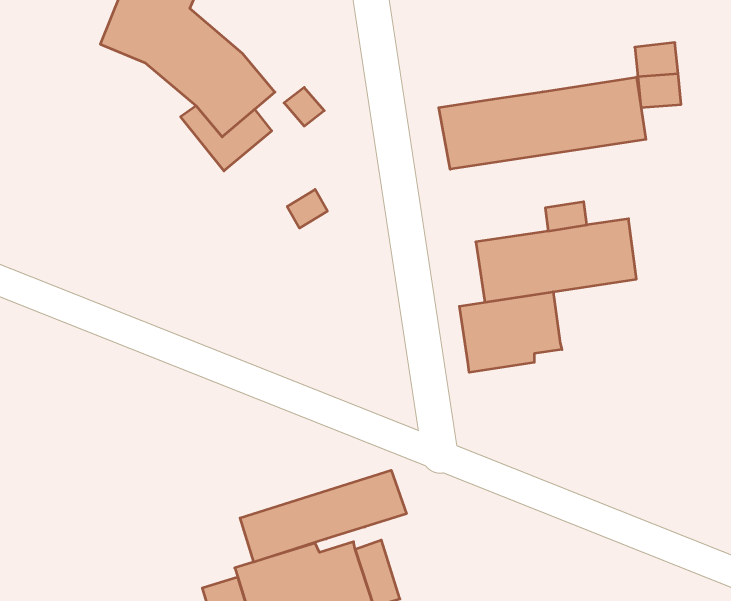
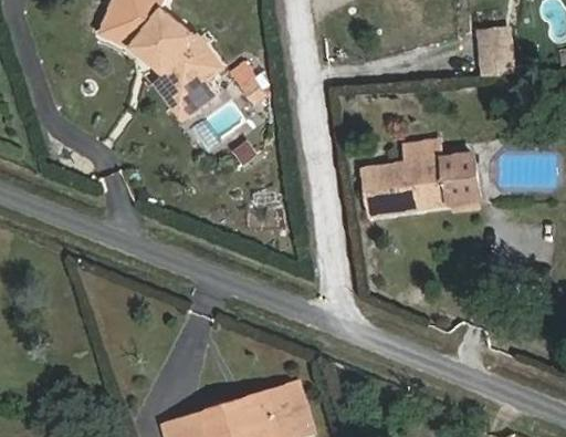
building: [439,77,646,169] -> none
building: [459,292,562,372] -> none
building: [240,470,406,562] -> none

